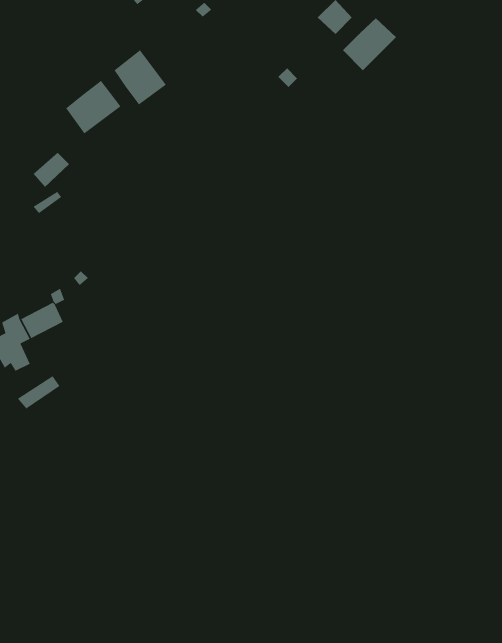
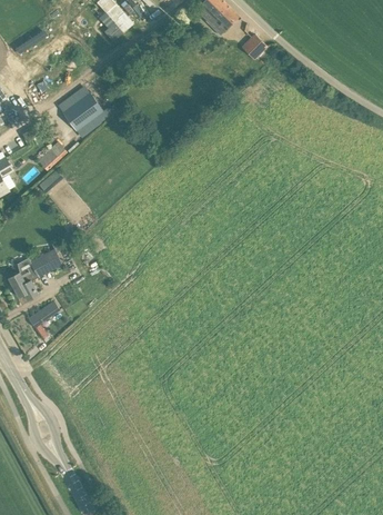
building: [342,18,397,71] -> none
building: [114,49,167,106] -> none

